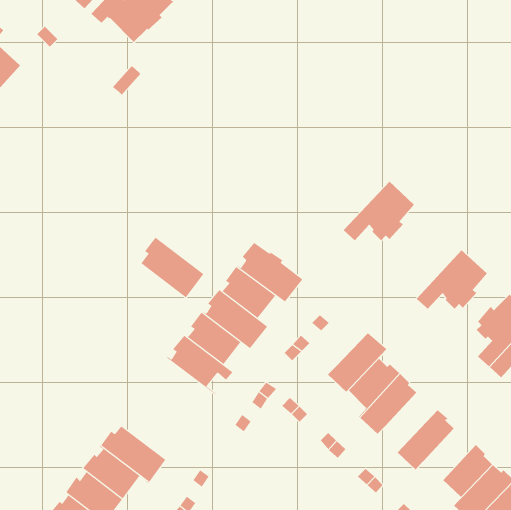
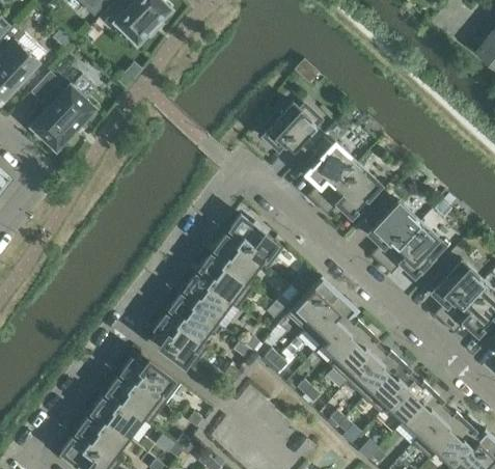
building: none -> [30,73,94,148]
building: none -> [263,103,324,155]
building: none -> [305,142,357,205]
building: none -> [368,201,419,265]
building: [141,237,204,298] -> [152,315,207,368]
building: none -> [286,277,338,330]
building: none -> [347,346,398,397]
building: none -> [121,353,180,404]
building: none -> [380,377,432,421]

